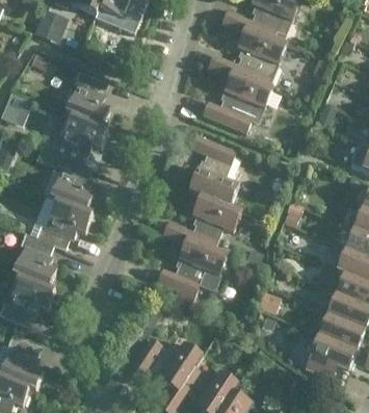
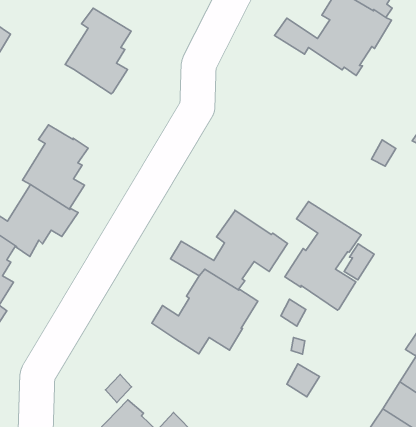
building: [202,72,272,133] -> none
building: [50,115,108,164] -> none
building: [188,134,238,206] -> [285,201,361,310]

